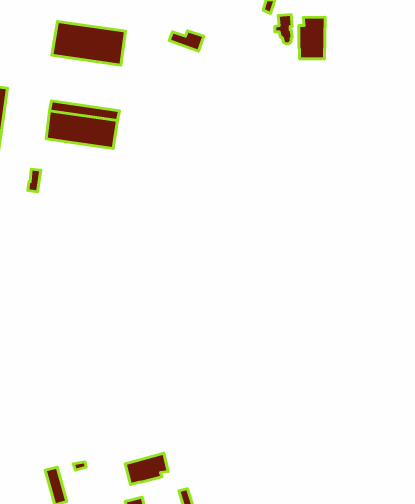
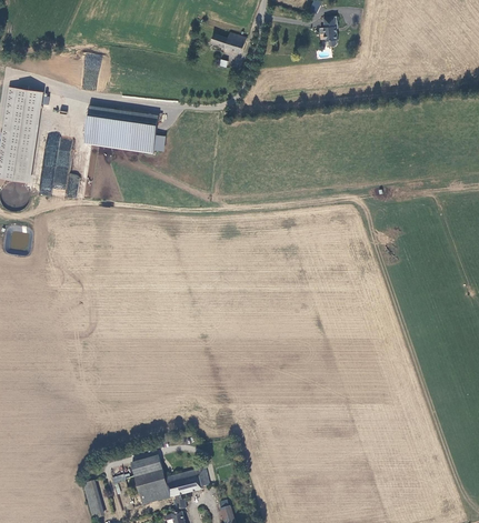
building: [299,17,325,59] -> none
building: [52,22,125,65] -> none
building: none -> [131,455,170,506]

